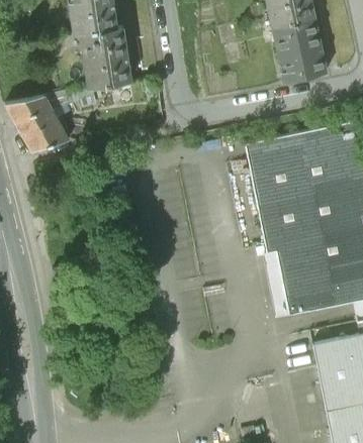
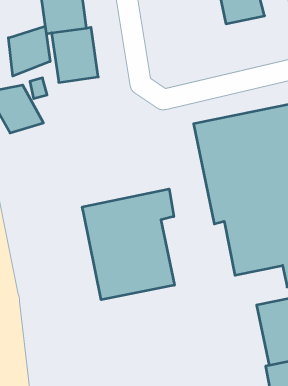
building: [277,20,332,82] -> none
building: none -> [8,26,50,76]
building: none -> [82,189,174,300]

